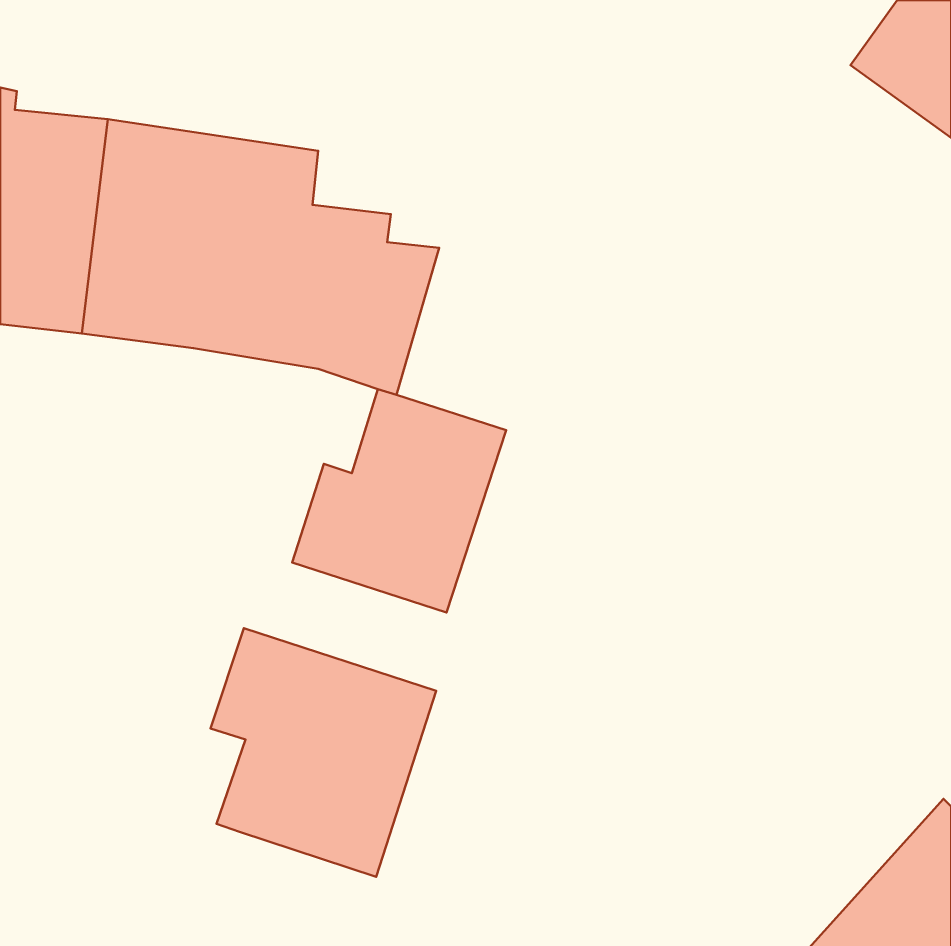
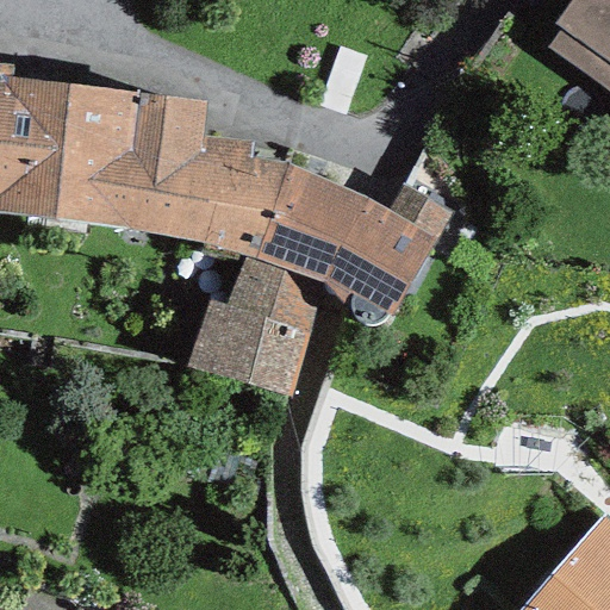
building: none -> [254,162,432,324]
building: [211,628,436,877] -> none

